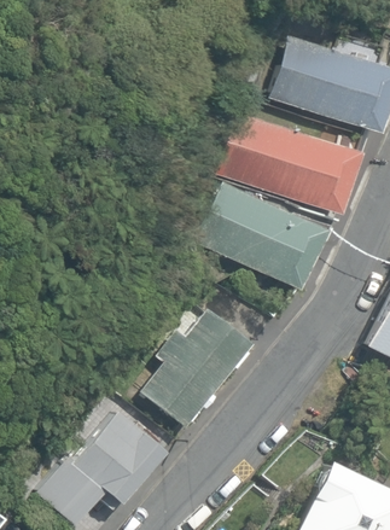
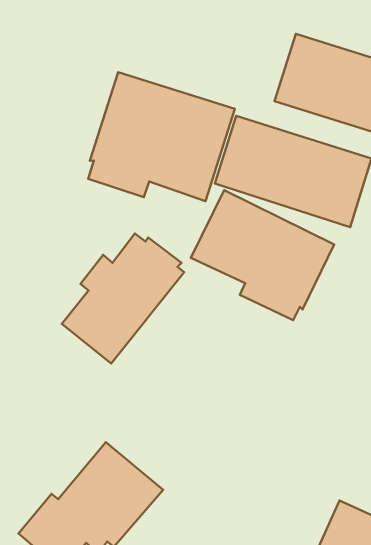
building: none -> [88,72,235,201]
building: [141,308,252,426] -> [62,234,184,364]

